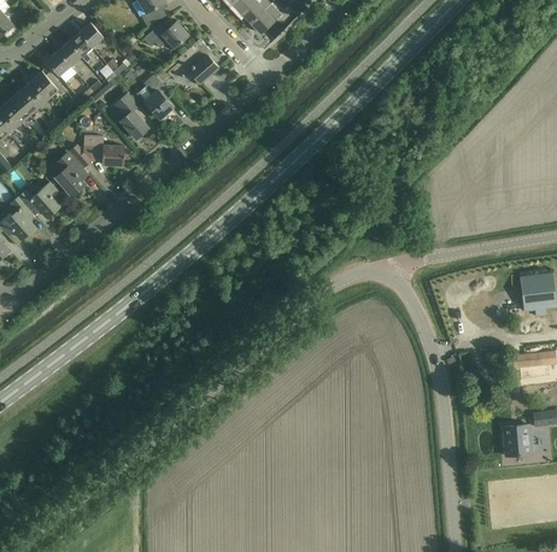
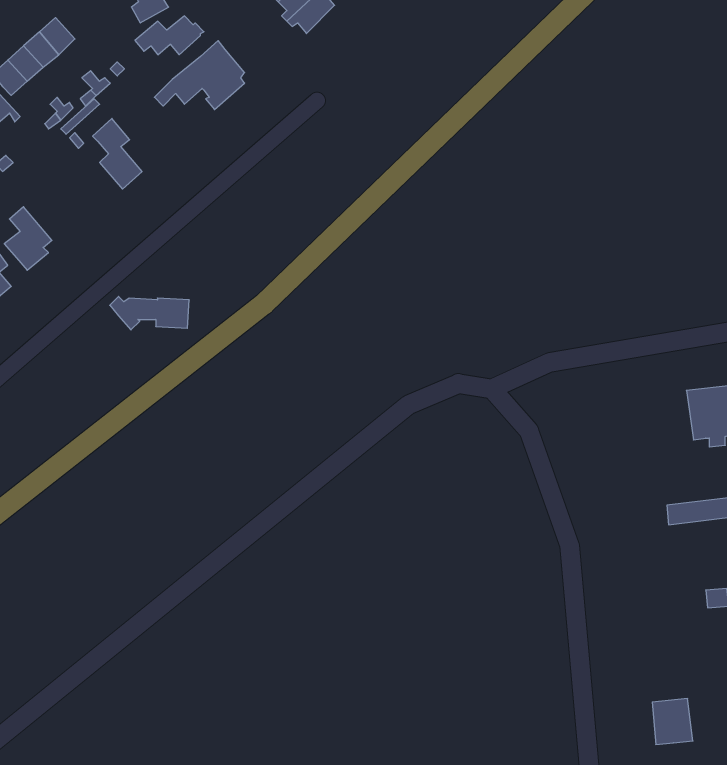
building: [143,69,172,118] -> none
building: [70,145,124,168] -> [110,296,189,330]
building: [504,424,532,456] -> [652,699,693,744]

